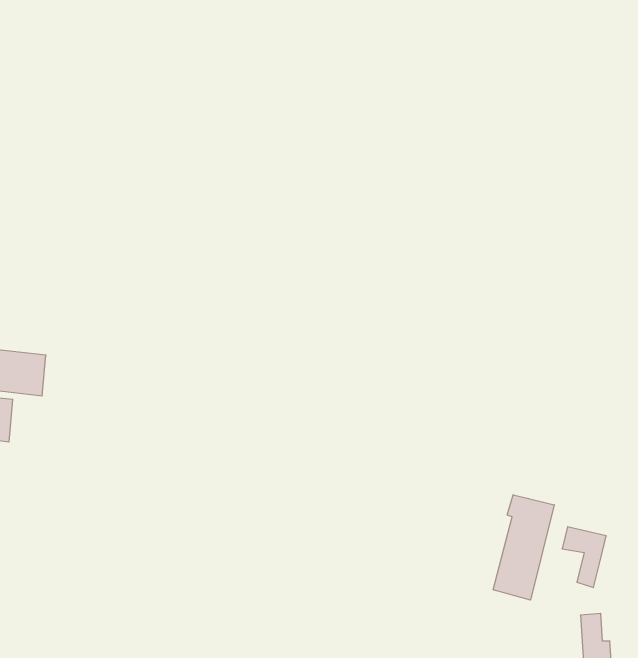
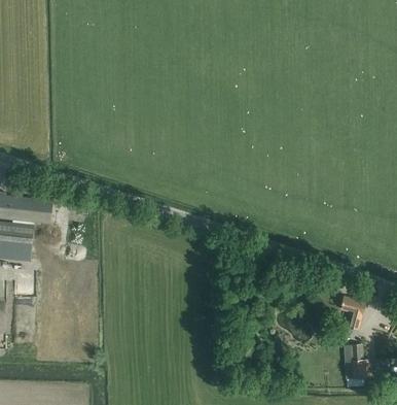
building: [493,495,554,600] -> none

